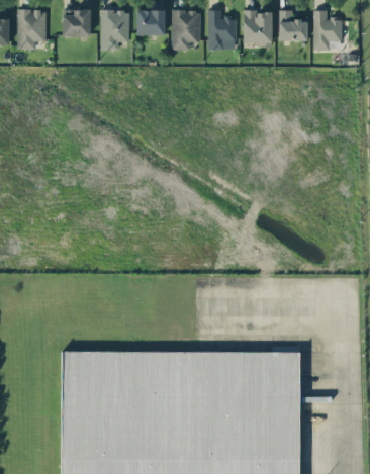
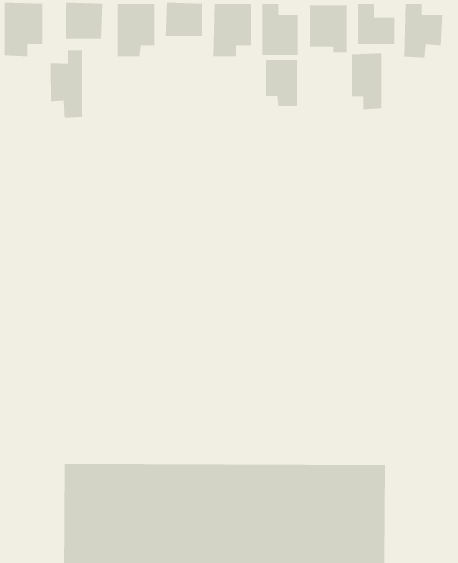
building: none -> [50,49,83,118]
building: none -> [351,52,382,110]
building: none -> [266,59,298,107]

